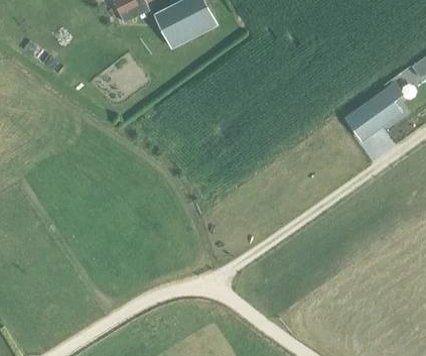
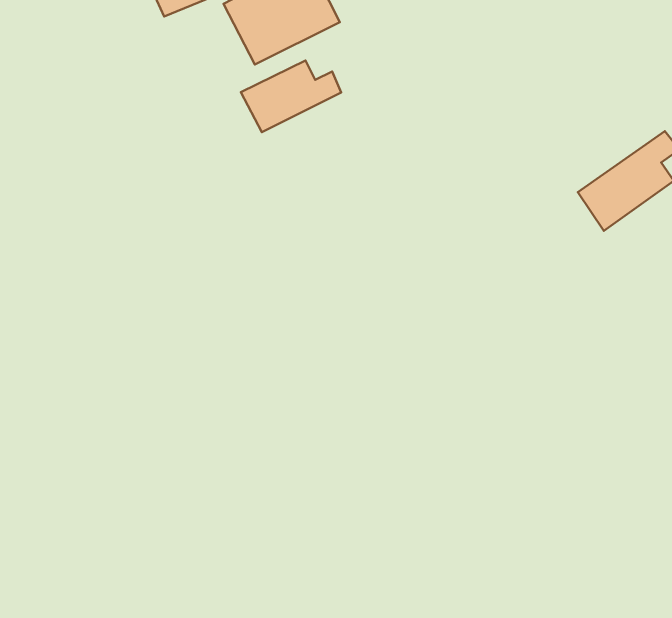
building: none -> [241,61,341,132]

